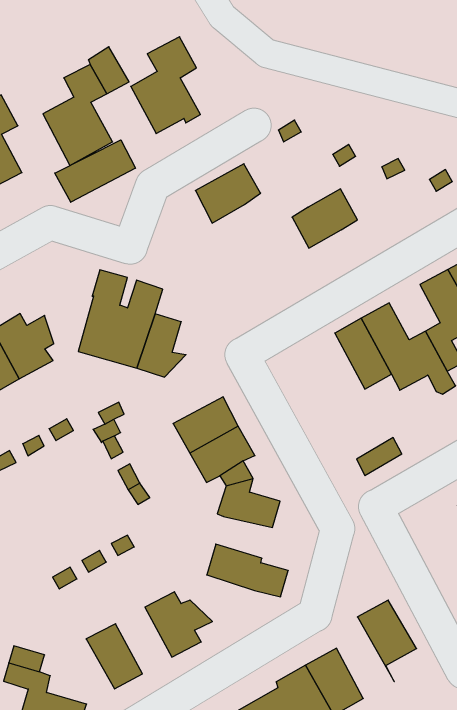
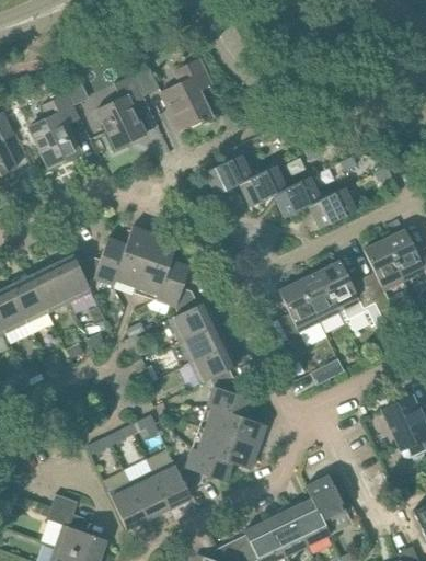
building: [55,140,135,202] -> none
building: none -> [240,165,286,207]
building: none -> [309,187,356,229]
building: none -> [91,238,127,284]
building: none -> [278,280,320,353]
building: none -> [170,290,217,340]
building: none -> [206,409,266,444]
building: none -> [185,448,232,484]
building: none -> [130,471,170,519]
building: none -> [289,486,330,546]

